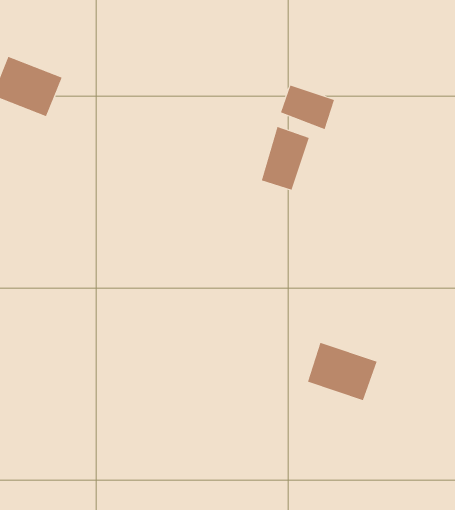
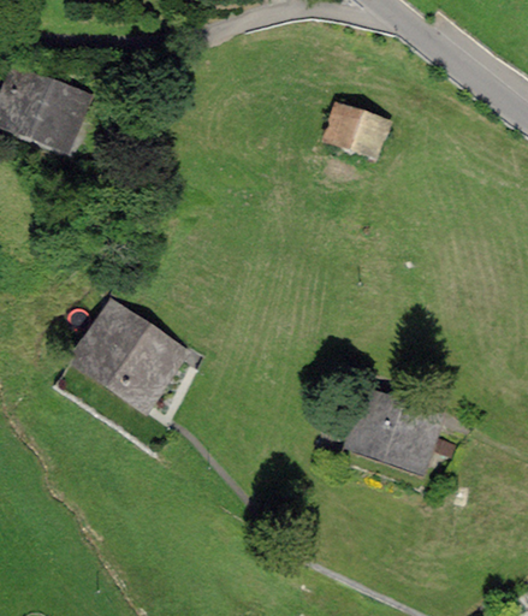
building: [261,126,310,191] -> none
building: none -> [84,315,172,398]

